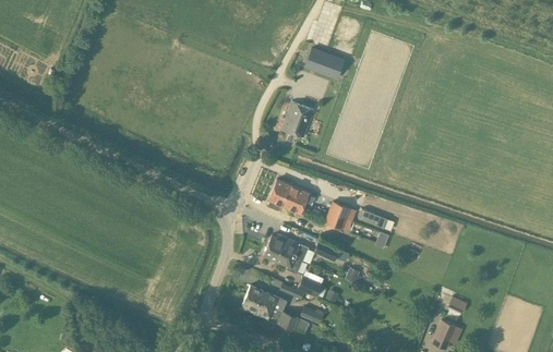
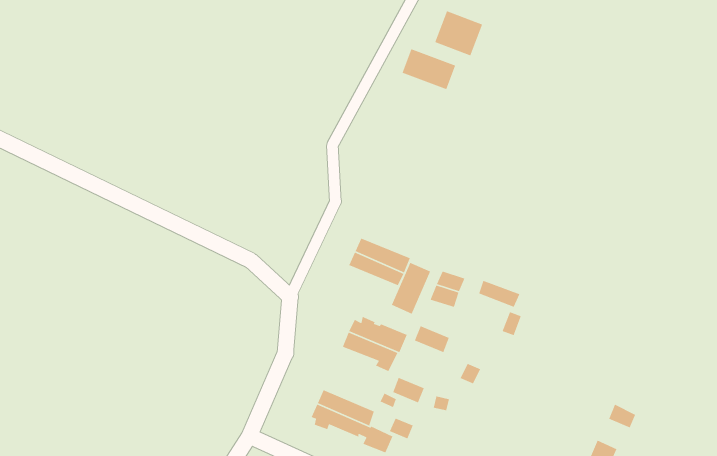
building: none -> [434,10,483,56]
building: [282,102,314,137] -> none
building: none -> [391,262,431,315]

